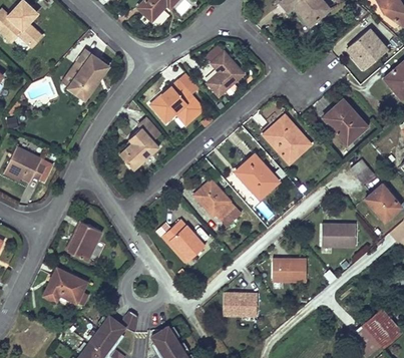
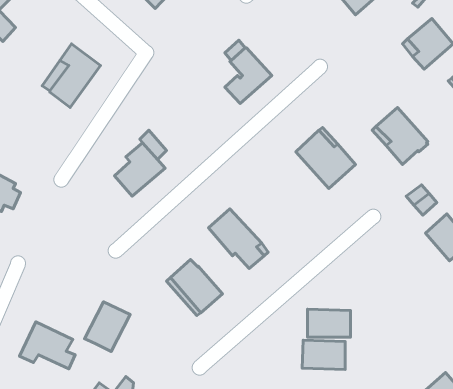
building: [149,80,204,124] -> none
building: [235,154,278,199] -> none
building: [65,222,101,261] -> [84,302,130,351]
building: [321,224,356,247] -> none
building: [223,293,257,316] -> [302,340,345,369]

